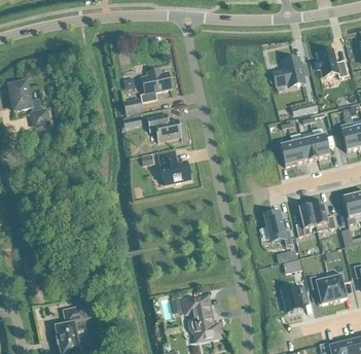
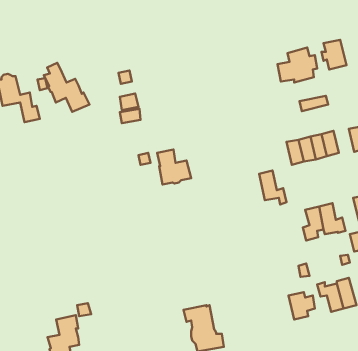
building: [141,68,172,102] -> none
building: none -> [44,63,89,112]
building: [147,112,183,140] -> none
building: [266,212,292,244] -> [259,170,287,204]

